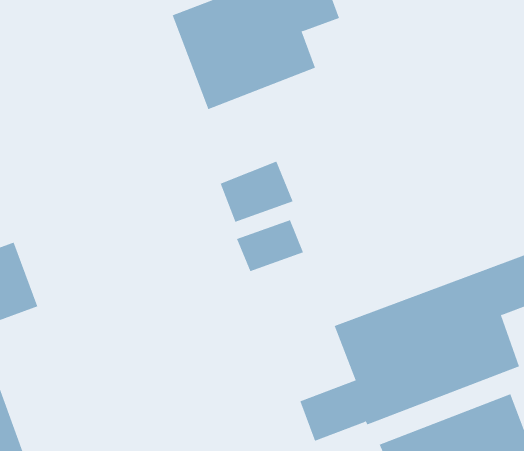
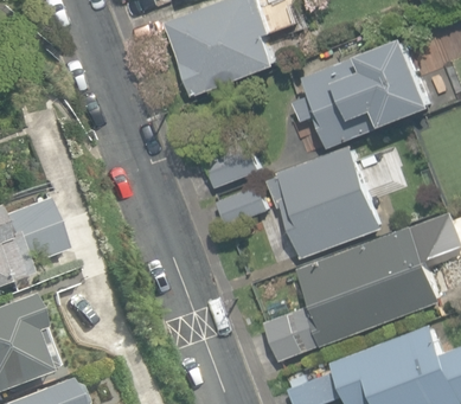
building: none -> [293,43,430,148]
building: none -> [267,146,382,257]

